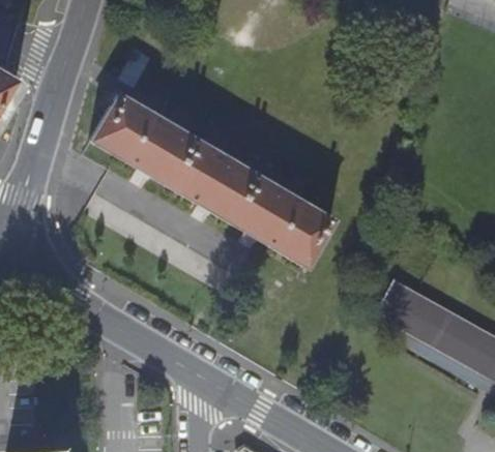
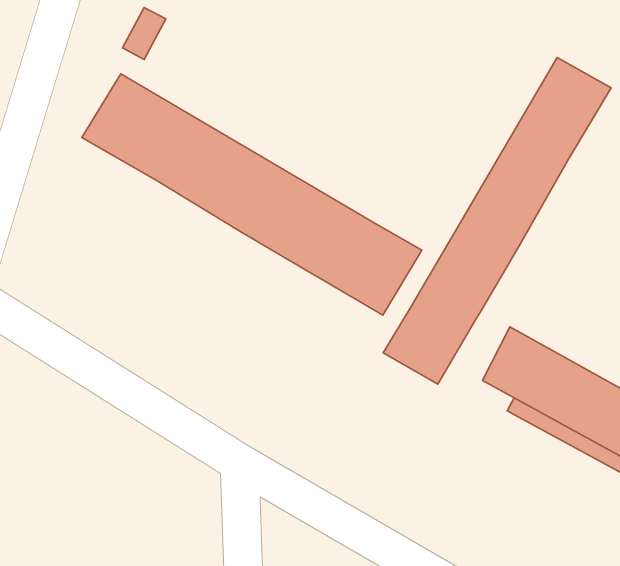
building: none -> [383,58,611,384]

